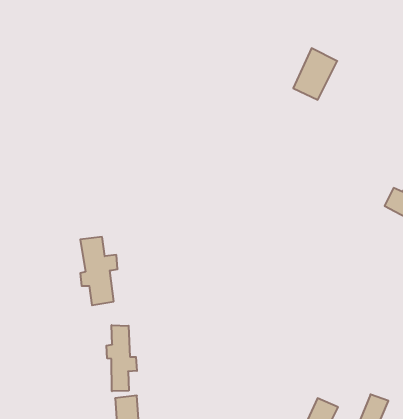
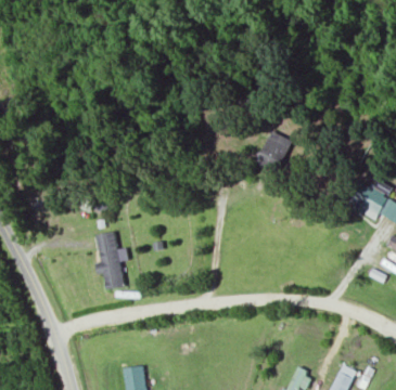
building: [293,48,337,100] -> [257,130,294,173]
building: [106,325,137,391] -> none

